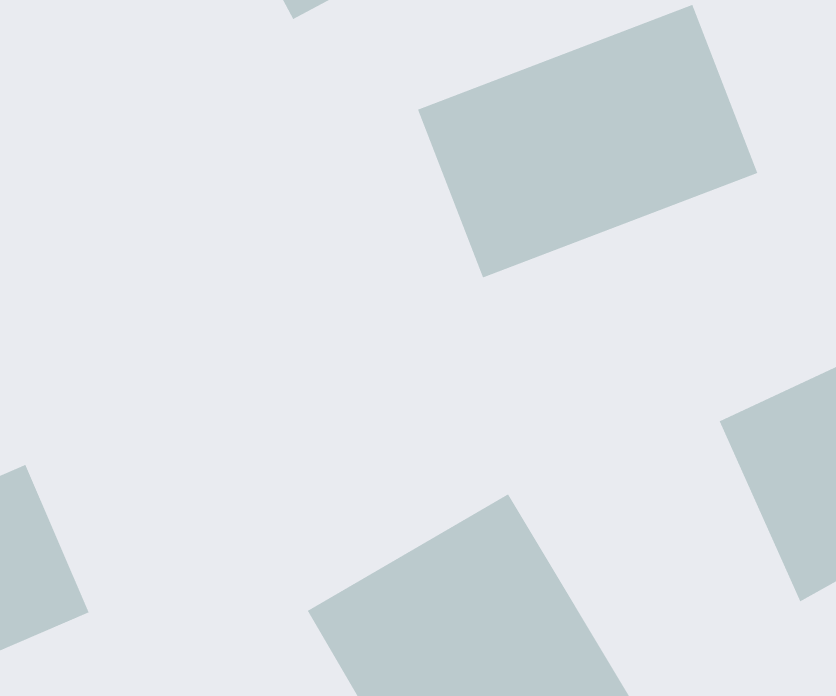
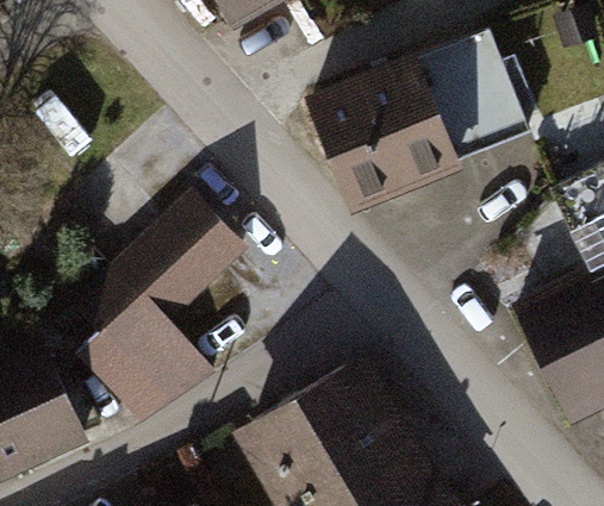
building: none -> [68,186,261,430]

